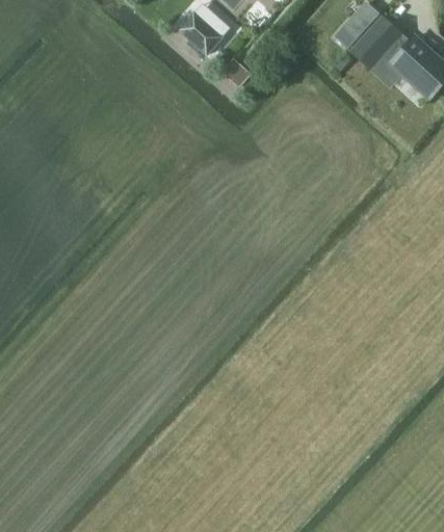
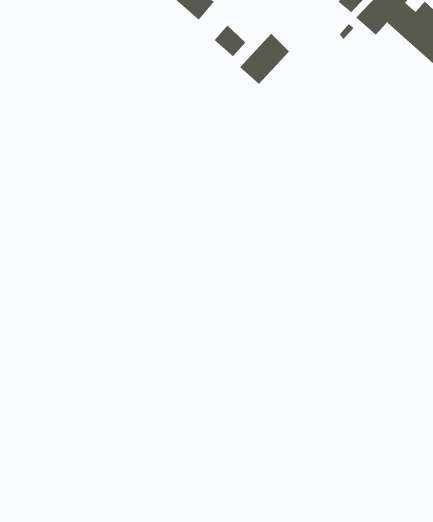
building: none -> [239,33,290,85]

